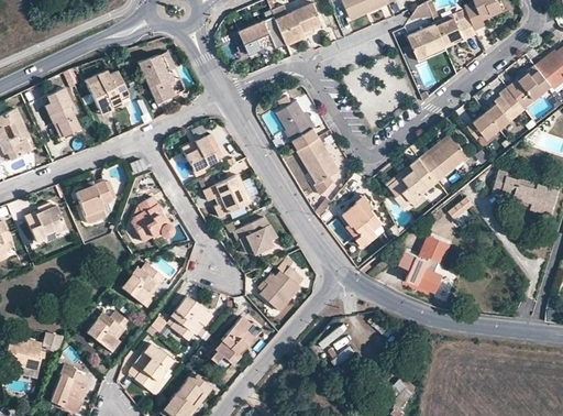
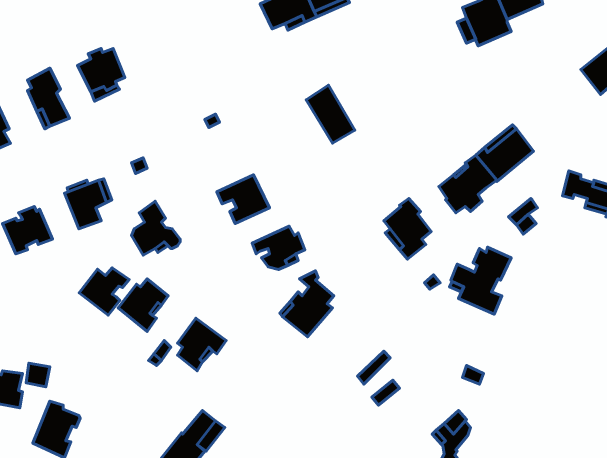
building: [135,51,175,102] -> none
building: [467,88,525,141] -> none
building: [183,134,223,177] -> none
building: [298,139,339,195] -> none
building: [87,311,129,351] -> [79,268,129,315]
building: [207,317,254,372] -> none
building: [130,344,172,390] -> none

